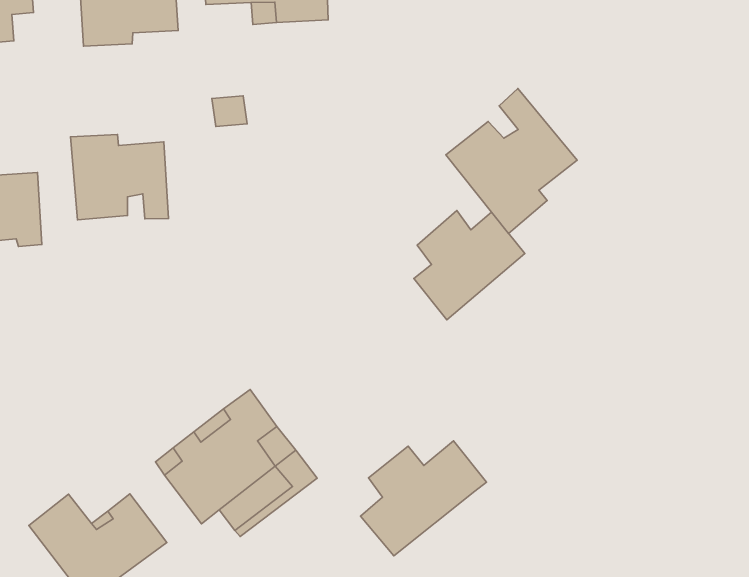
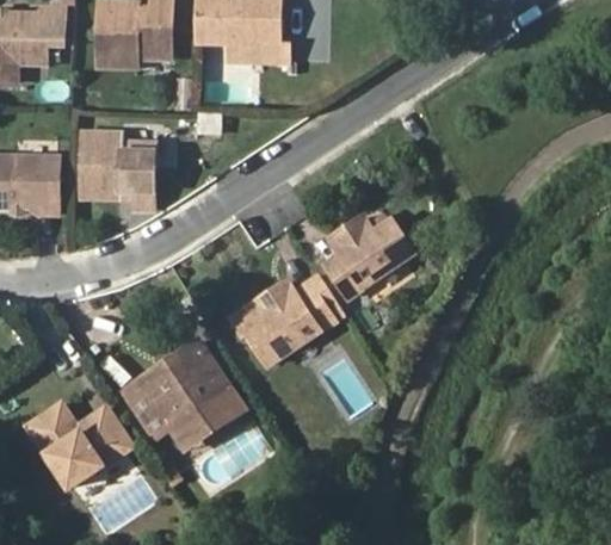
building: [446,89,577,233] -> none
building: [361,441,487,556] -> [251,280,348,364]

